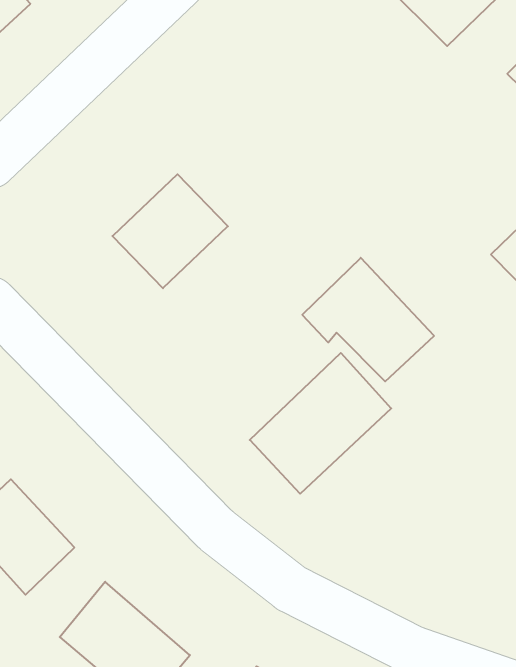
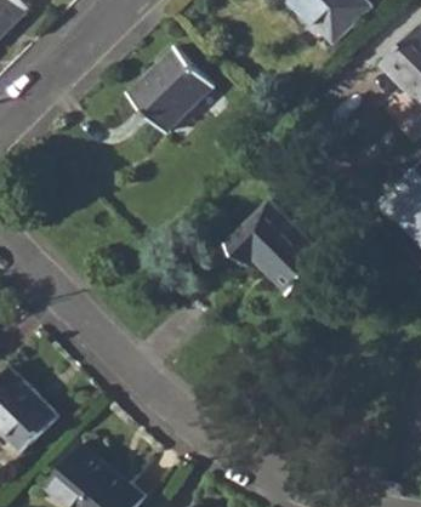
building: [112,174,228,288] -> [125,49,211,133]
building: [250,353,391,494] -> none

